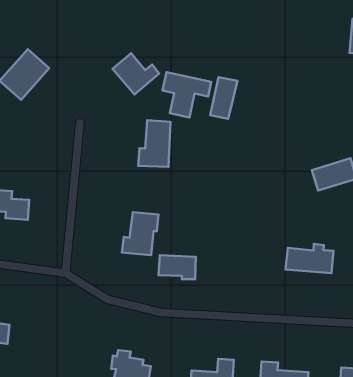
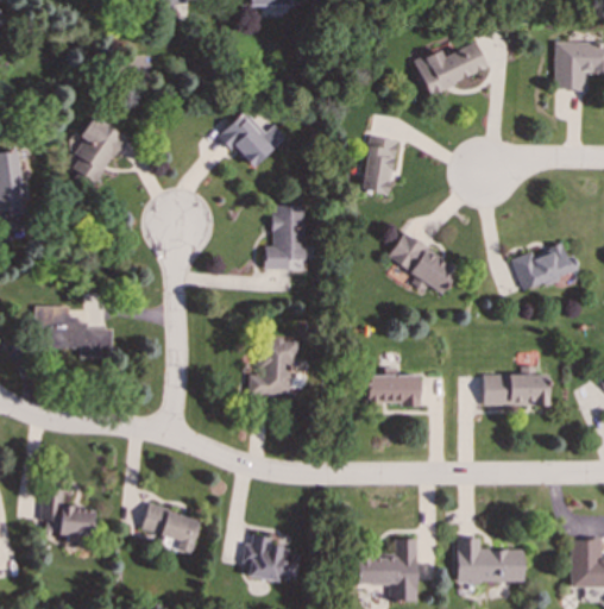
building: none -> [415,42,489,94]
building: [162,72,211,117] -> none
building: none -> [386,232,458,294]
building: [159,255,196,279] -> [369,373,421,407]
building: none -> [141,504,201,553]

